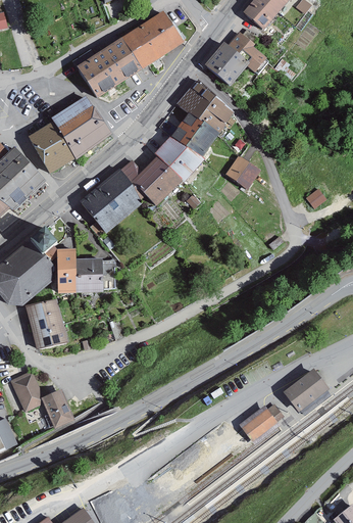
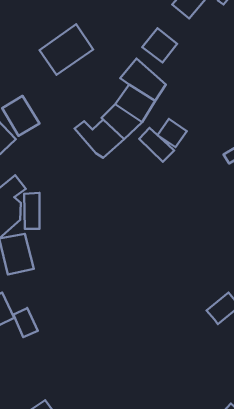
building: [121,9,184,66] -> none
building: [228,29,267,72] -> none
building: [54,99,118,161] -> none
building: none -> [139,128,174,162]
building: [79,165,146,231] -> none
building: [75,256,103,291] -> none
building: [242,403,282,438] -> none

